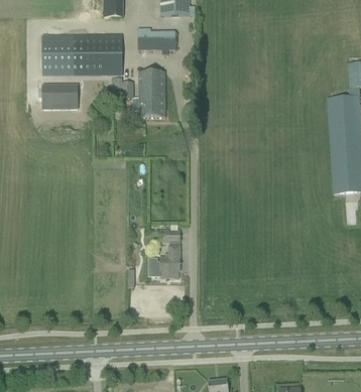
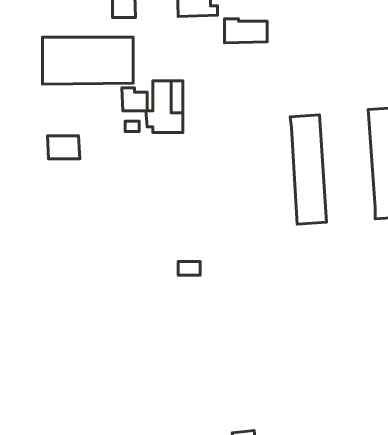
building: [138,29,175,50] -> [225,19,267,43]
building: [49,86,78,106] -> [47,136,80,159]
building: none -> [290,115,326,224]
building: [148,246,179,279] -> none

